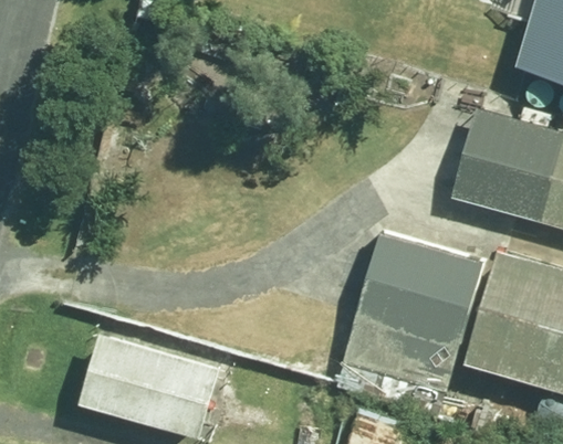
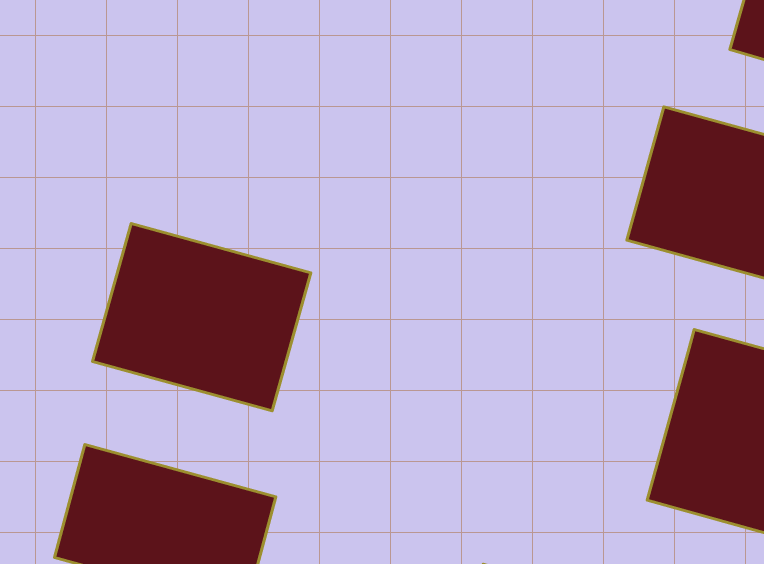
building: none -> [93,223,311,411]
building: [347,237,494,382] -> none

